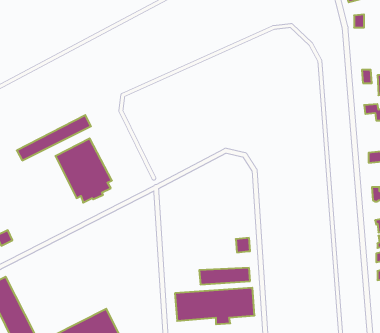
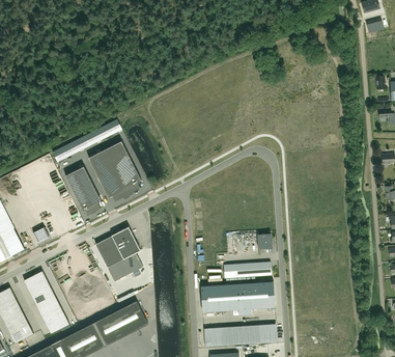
building: none -> [64,166,101,216]
building: none -> [95,227,142,281]

